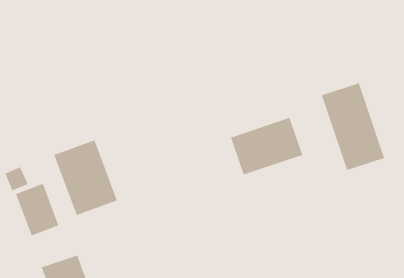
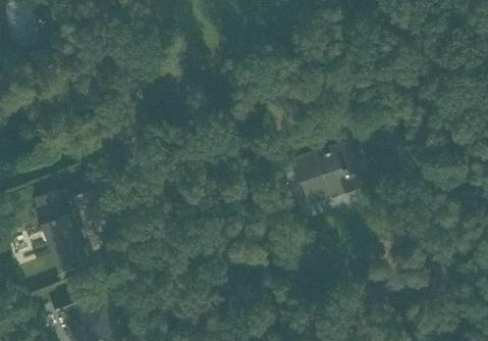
building: [321,82,385,171] -> none
building: [54,139,118,216] -> none

